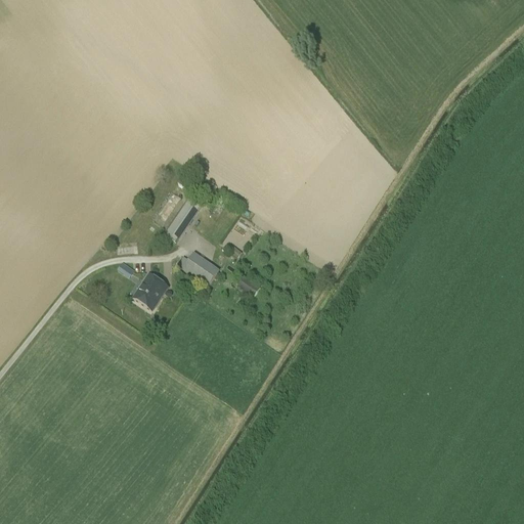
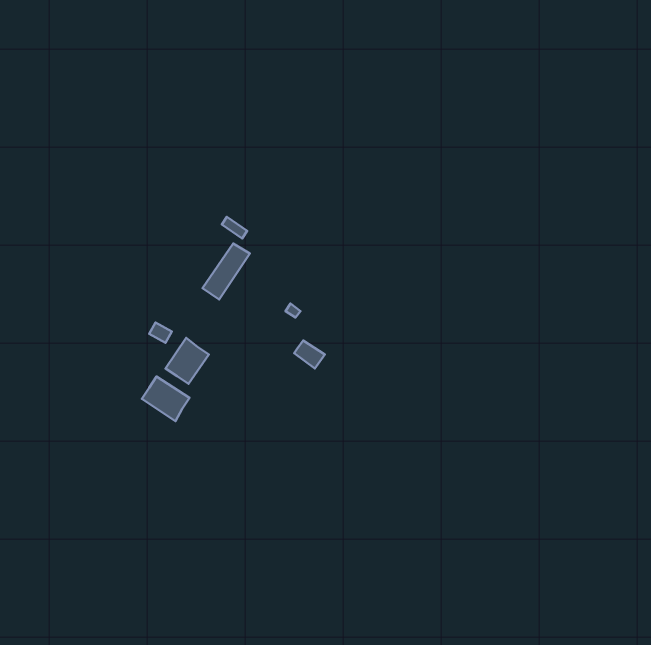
building: [176,250,220,286] -> none
building: none -> [142,377,190,421]

